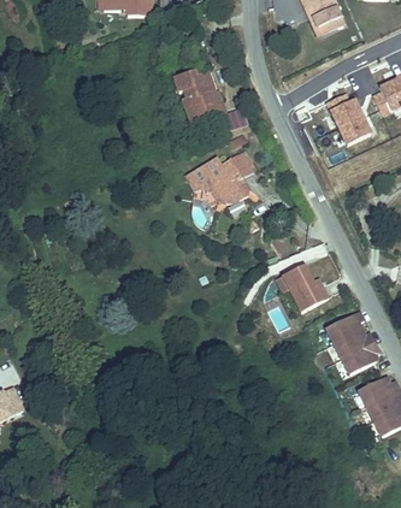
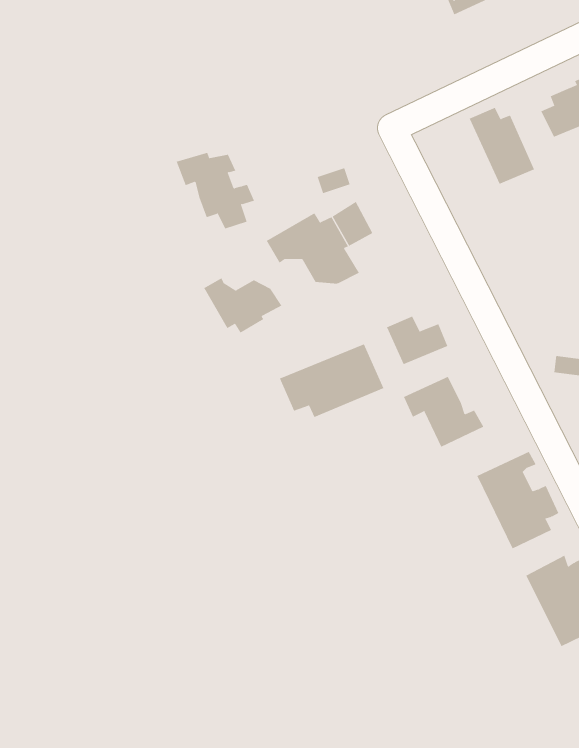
building: [181,71,231,120] -> [176,152,255,229]
building: none -> [203,278,282,333]
building: none -> [279,344,384,418]

